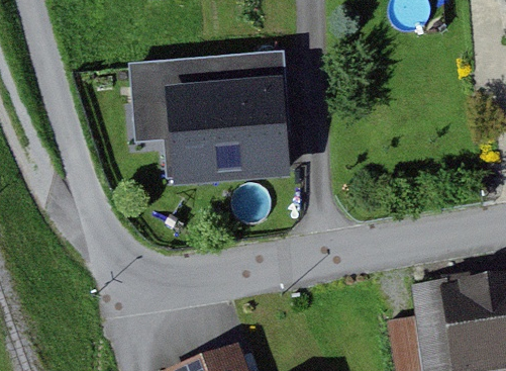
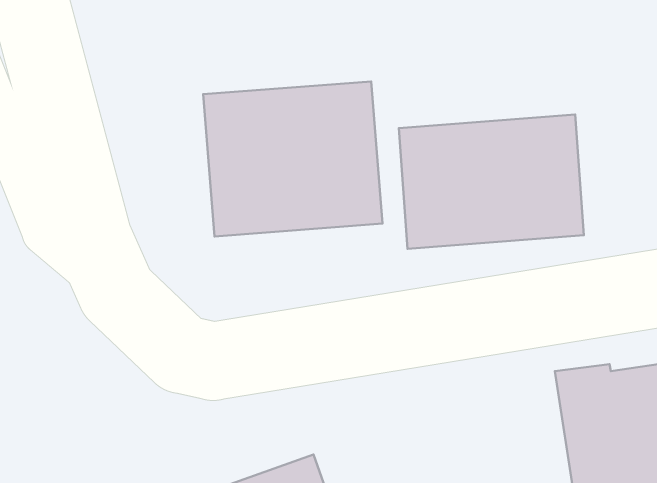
building: none -> [399,115,584,249]

